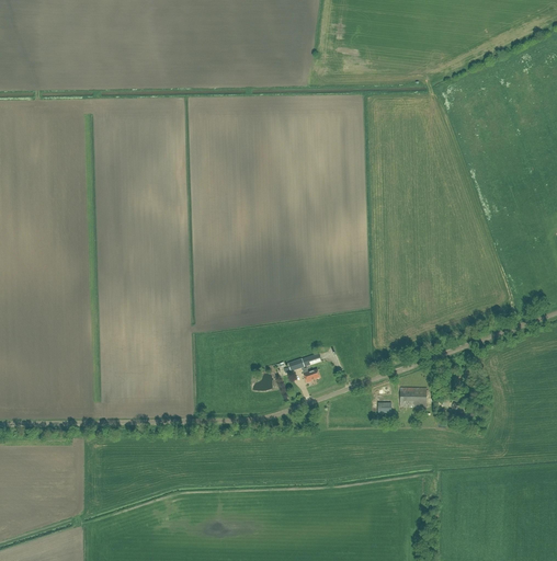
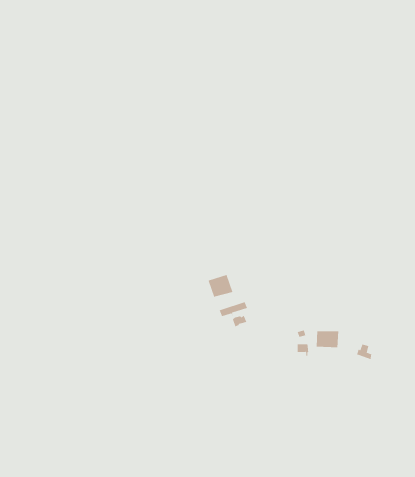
building: none -> [208,274,233,298]

